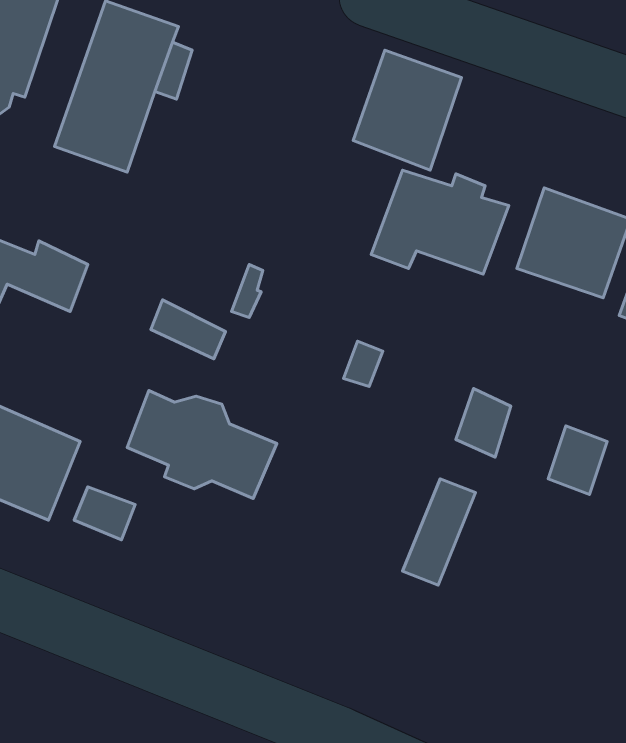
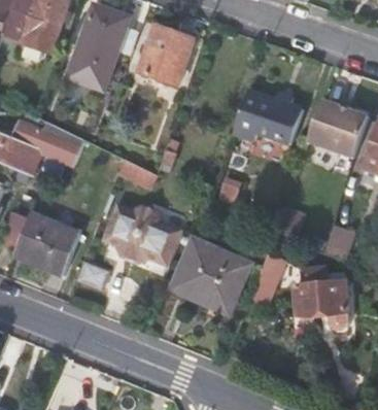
building: [353,50,462,170] -> [137,24,194,87]
building: none -> [172,239,249,315]
building: none -> [294,266,350,332]

